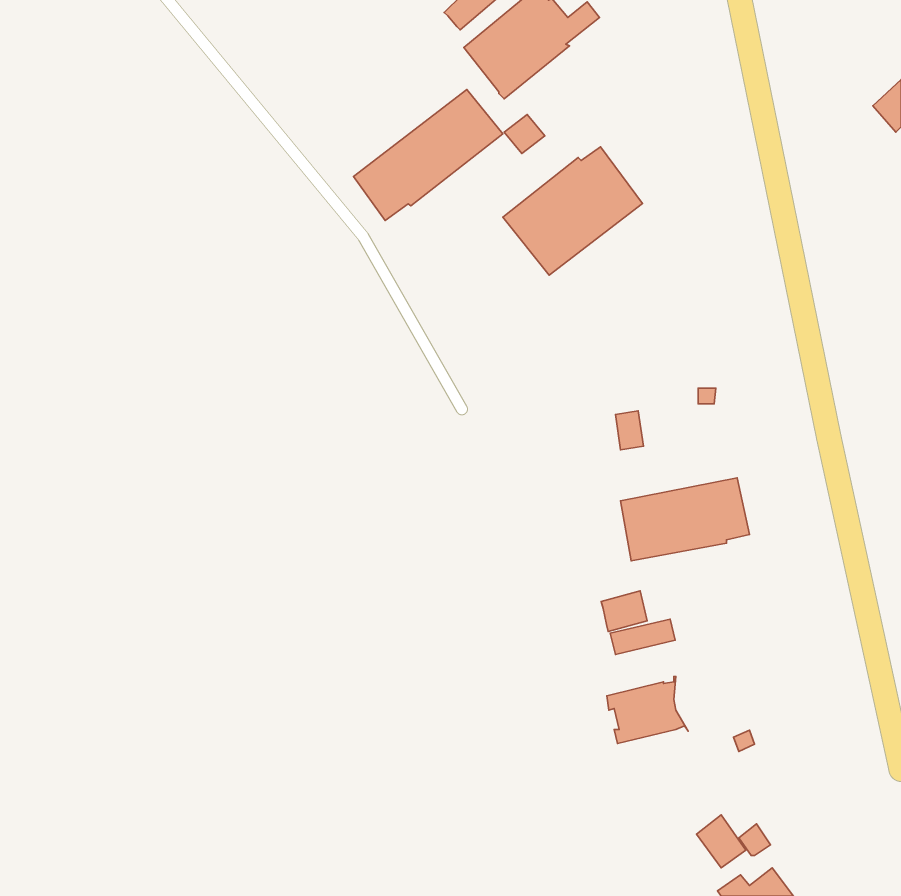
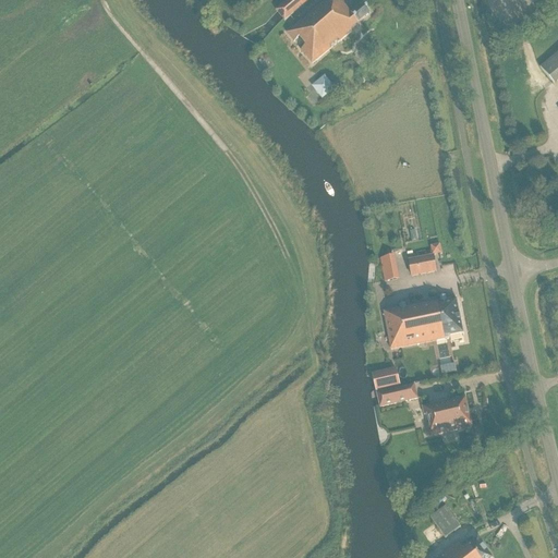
building: [353,89,503,220] -> none
building: [503,147,642,275] -> none
building: none -> [408,253,437,275]
building: [607,677,688,744] -> [423,392,473,434]

